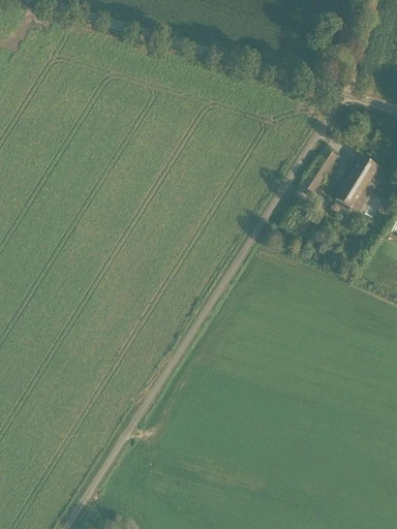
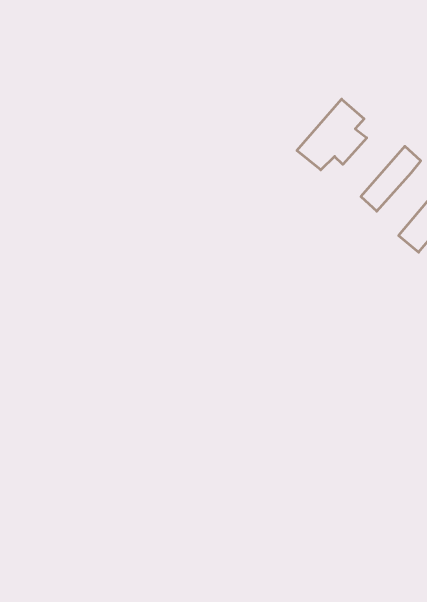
building: none -> [297,99,367,170]

